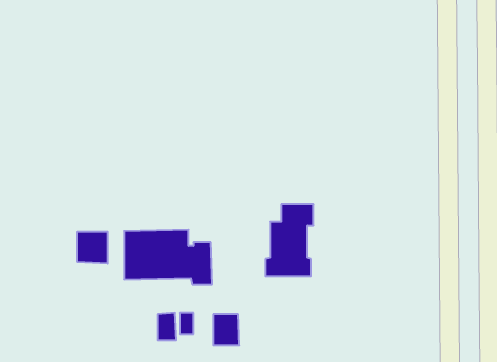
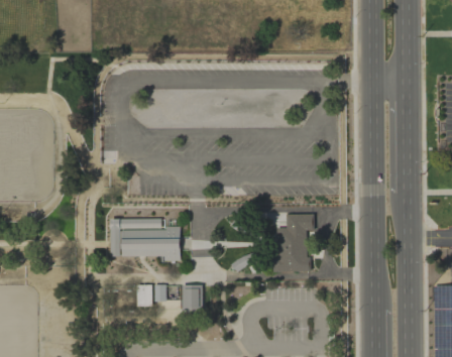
building: [265,204,314,276] -> [273,214,313,272]
building: [77,232,108,264] -> none

